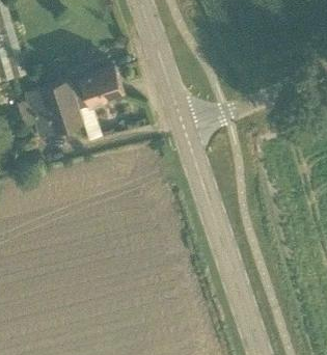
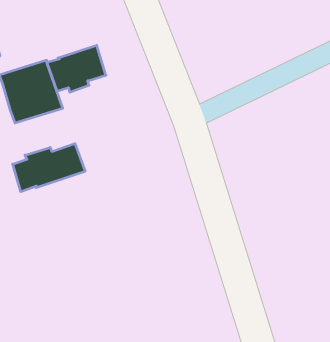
building: none -> [13,144,85,192]

